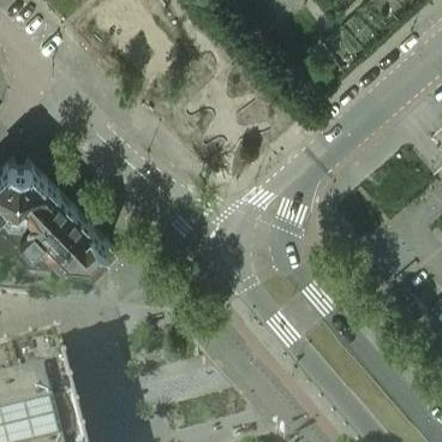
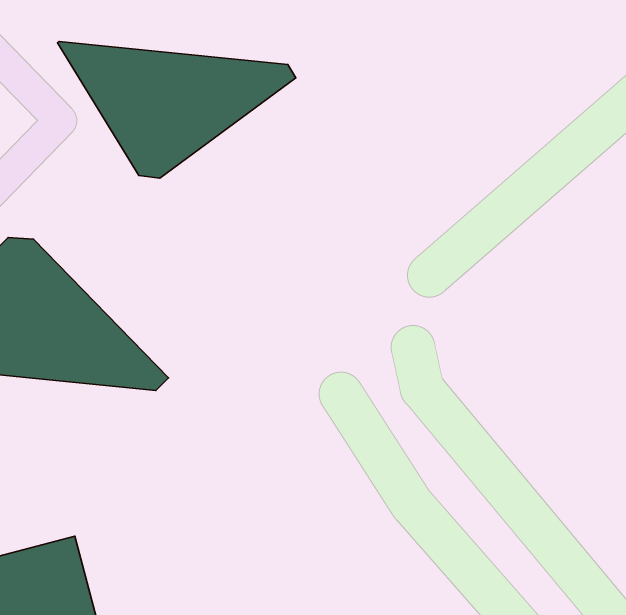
building: none -> [57,41,296,178]

